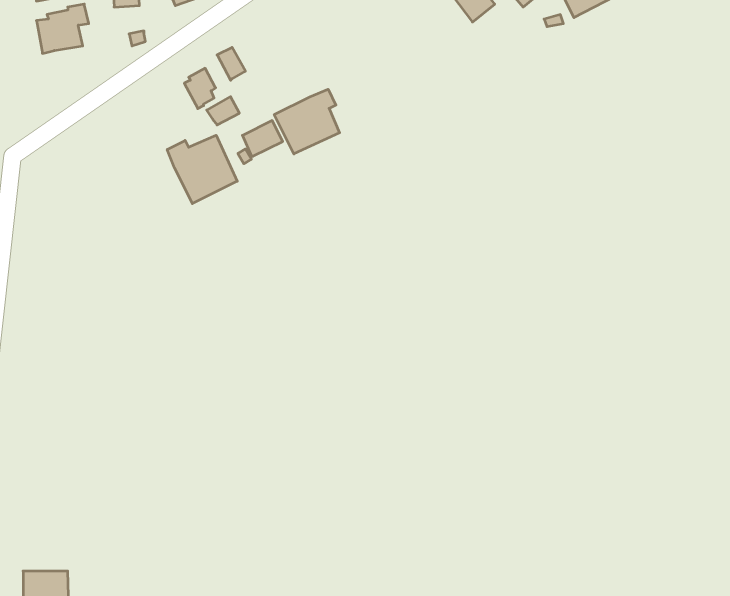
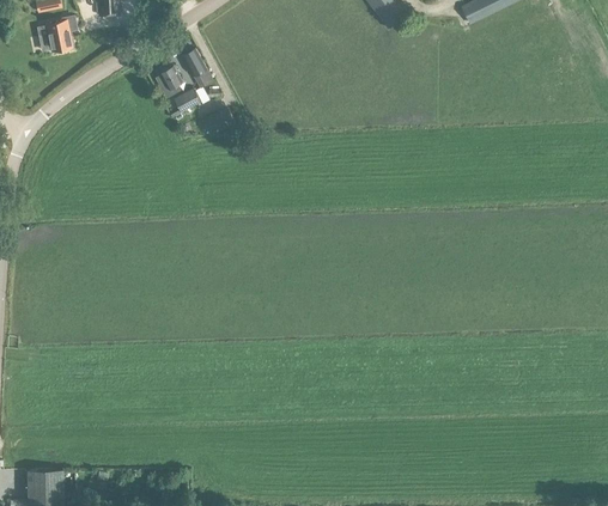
building: [274,89,340,154] -> none
building: [167,135,237,204] -> none

